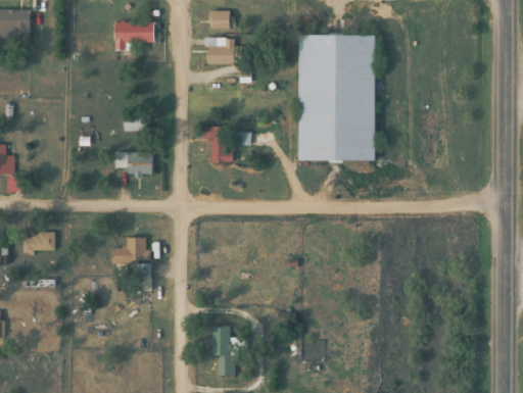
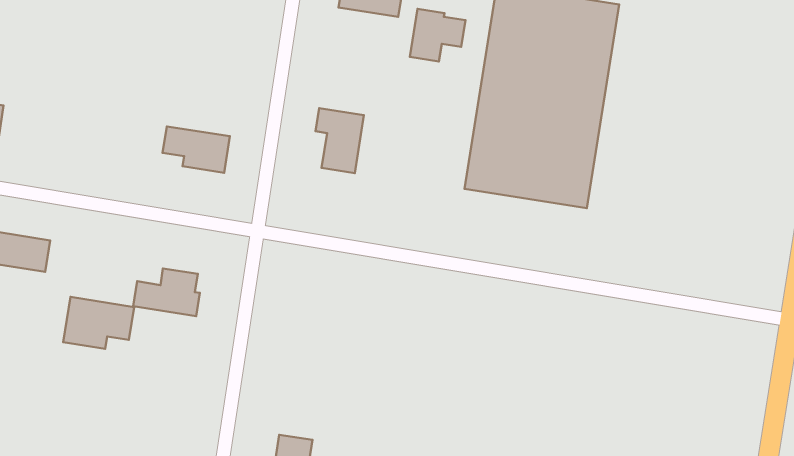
building: none -> [410,9,465,62]
building: none -> [63,297,134,349]

